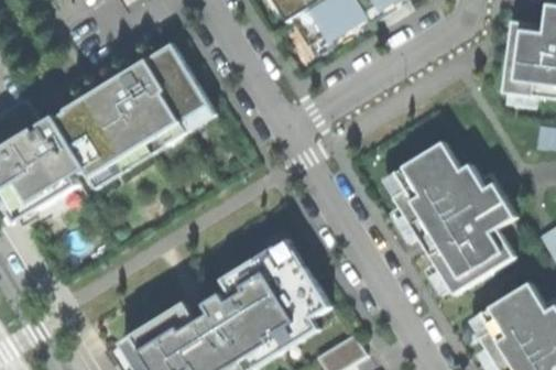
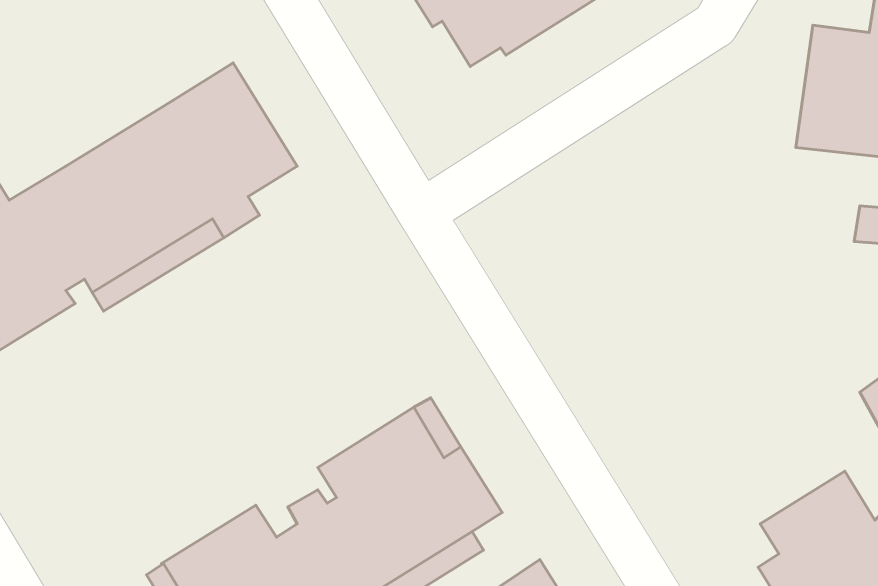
building: [382,141,516,293] -> none

